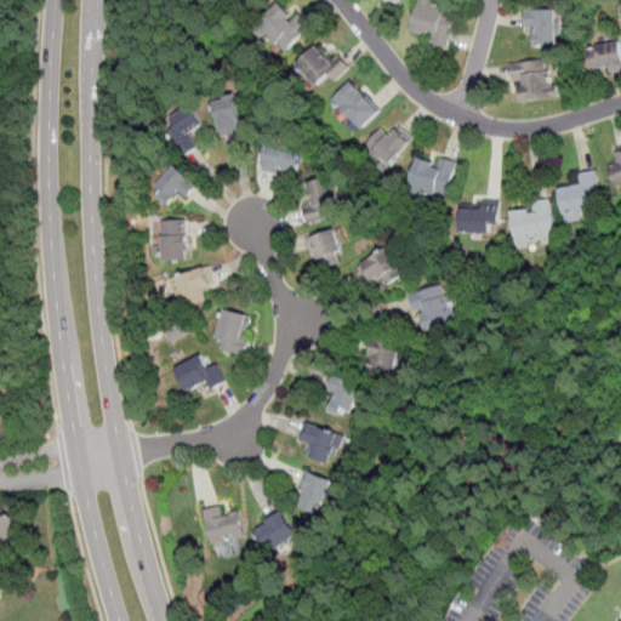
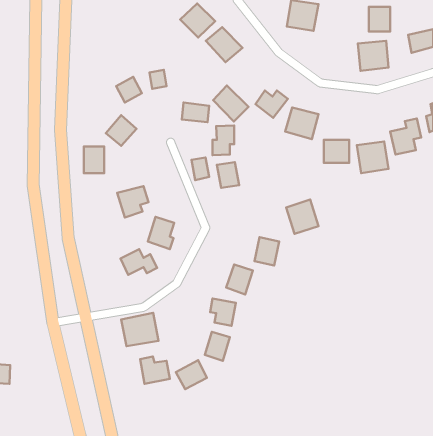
building: [330,80,380,131] -> [213,86,248,121]
building: [156,222,186,260] -> [84,147,104,173]
building: none -> [191,157,209,180]
building: [354,247,399,290] -> none
building: none -> [121,313,158,346]

